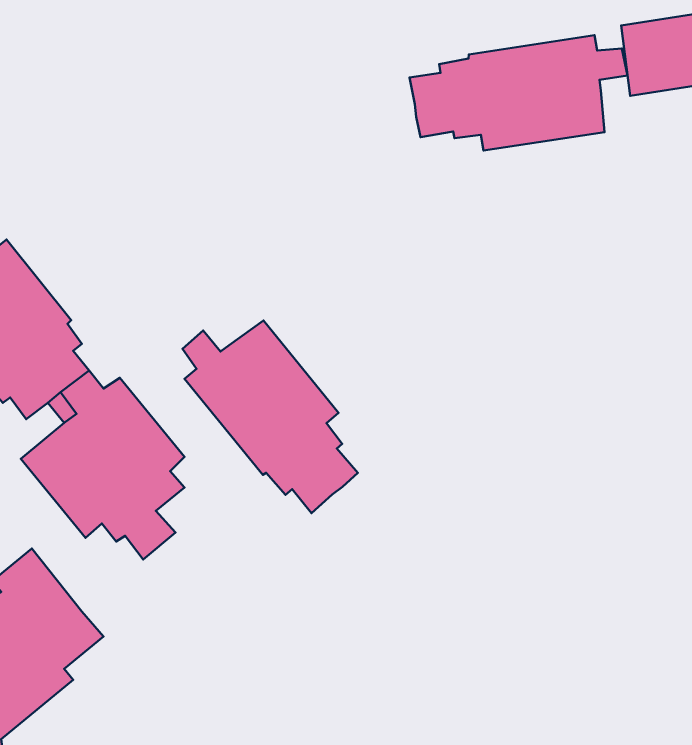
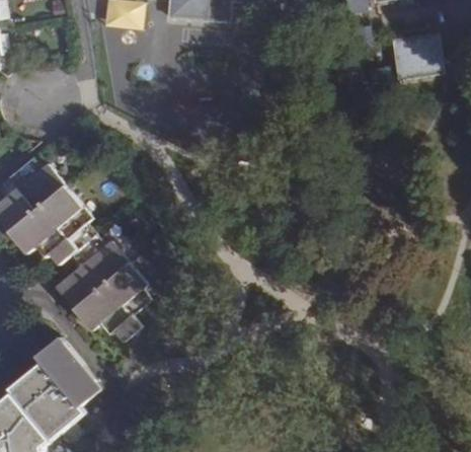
building: [409,35,628,150] -> none
building: [183,320,358,513] -> none

